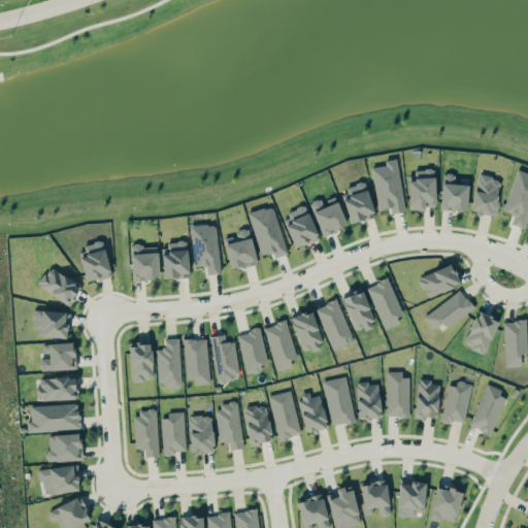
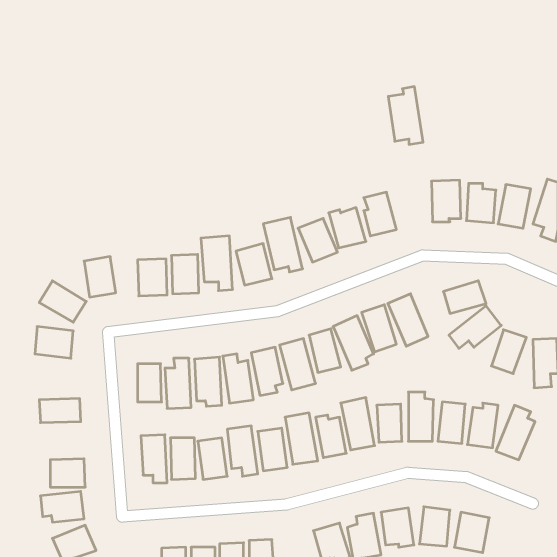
building: [372,159,405,213] -> [388,87,423,144]
building: [40,343,75,371] -> none
building: [28,404,80,432] -> none

